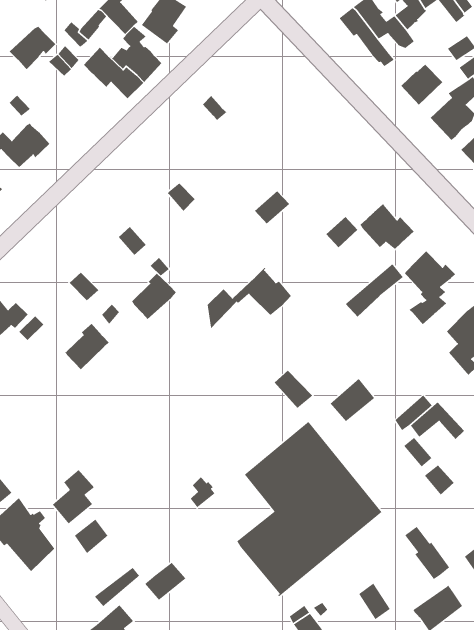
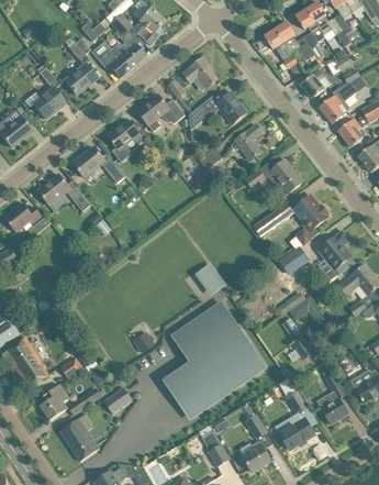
building: [9,26,56,71] -> [64,64,96,93]
building: none -> [182,56,216,87]
building: none -> [136,93,183,131]
building: none -> [234,123,261,159]
building: none -> [107,119,138,162]
building: [207,267,292,329] -> [189,91,246,130]
building: [131,273,177,320] -> [74,146,104,177]
building: [63,323,110,370] -> [37,174,69,205]
building: [330,378,375,422] -> [279,246,310,275]
building: [52,469,95,525] -> [40,384,69,420]

